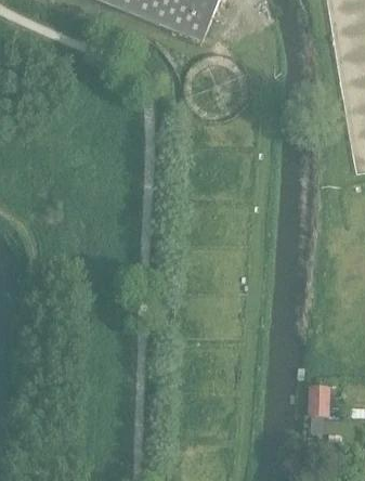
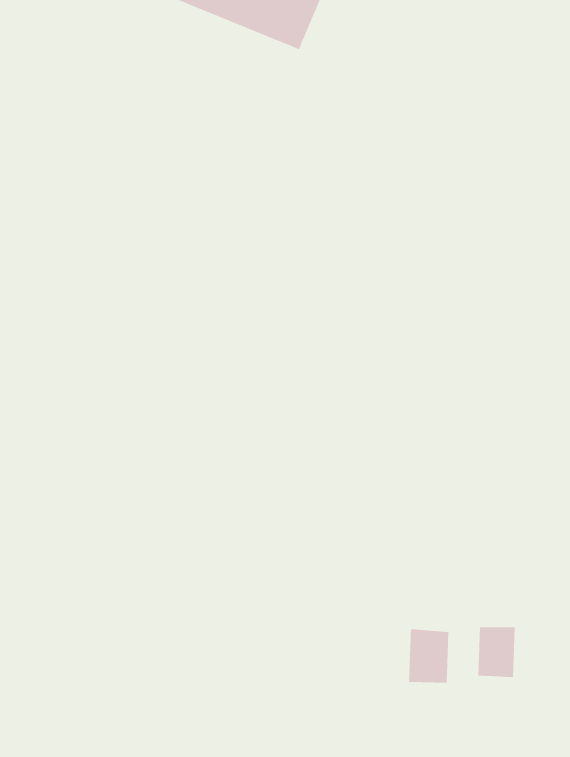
building: none -> [409,629,449,683]

